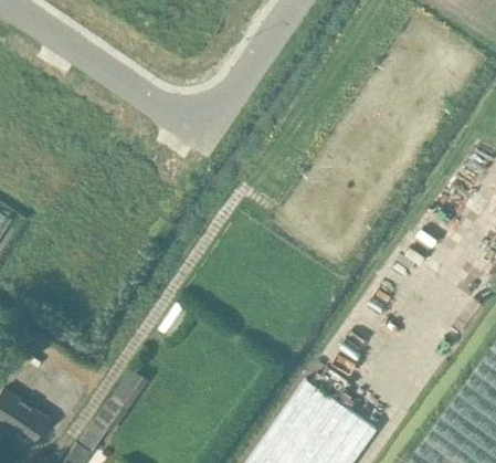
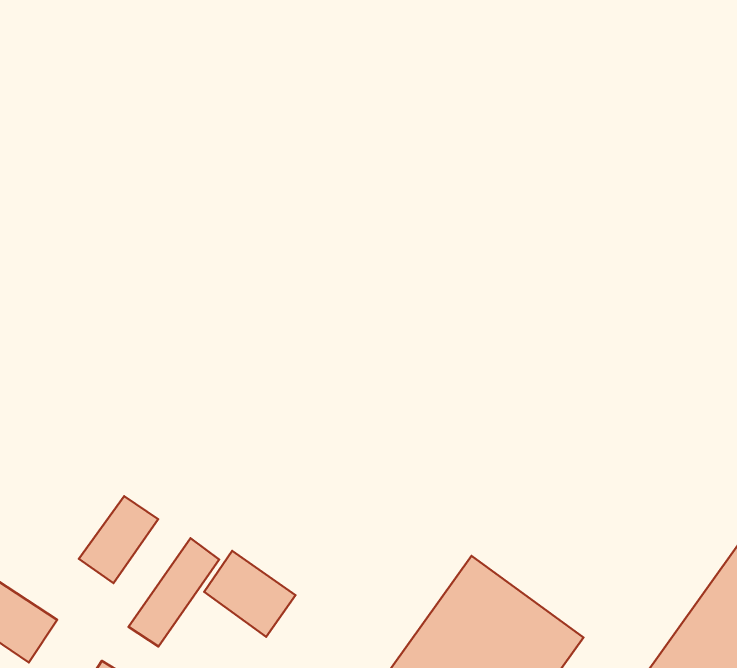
building: none -> [79,496,158,583]
building: none -> [204,551,296,637]

